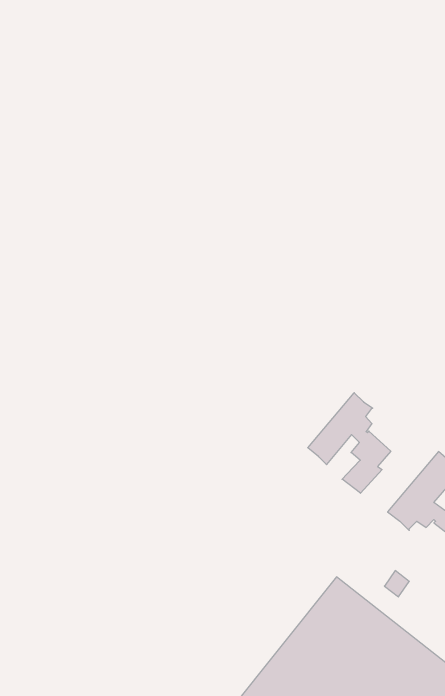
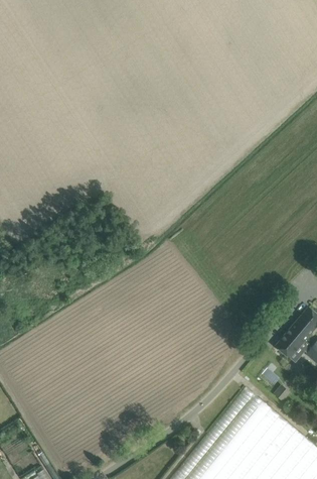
building: [308,393,391,493] -> none

